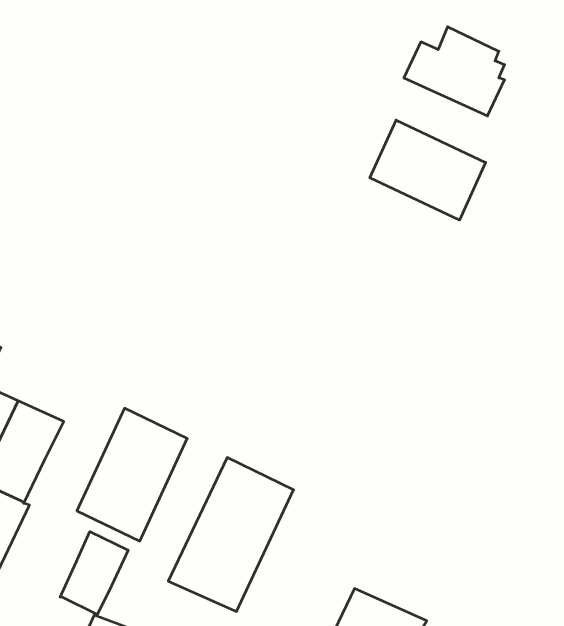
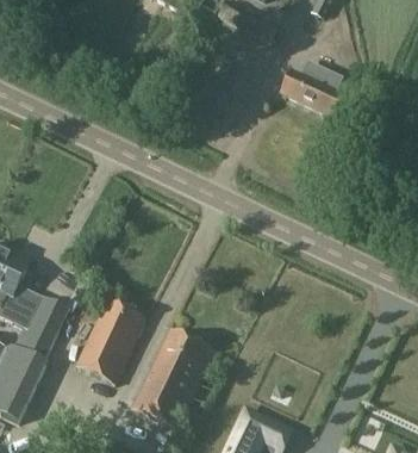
building: [370,120,486,220] -> none
building: [60,532,128,614] -> none

